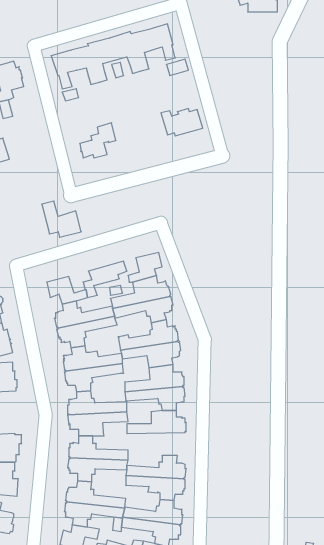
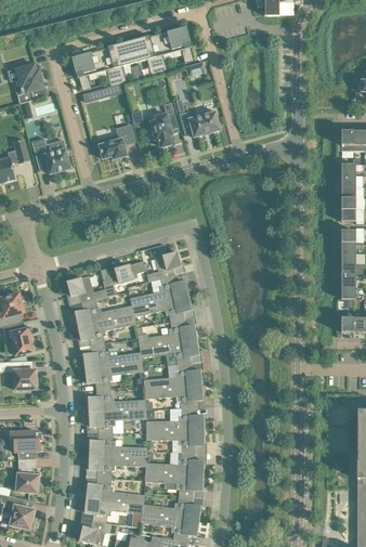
building: none -> [152,110,179,145]
building: [42,201,81,237] -> [32,138,71,173]
building: none -> [146,429,205,452]

